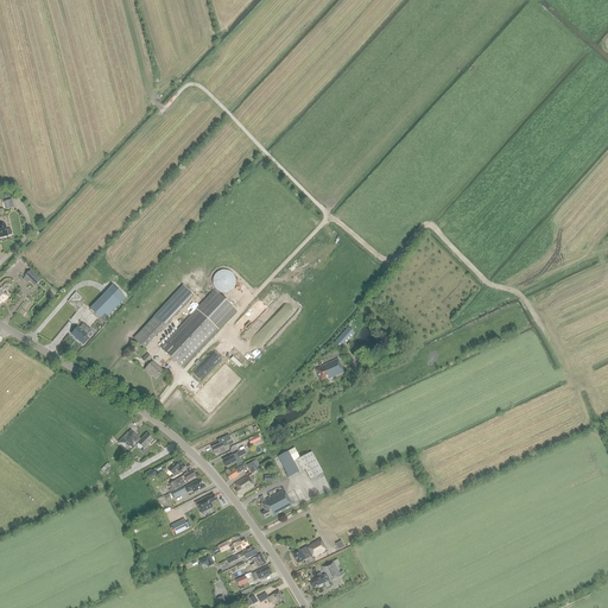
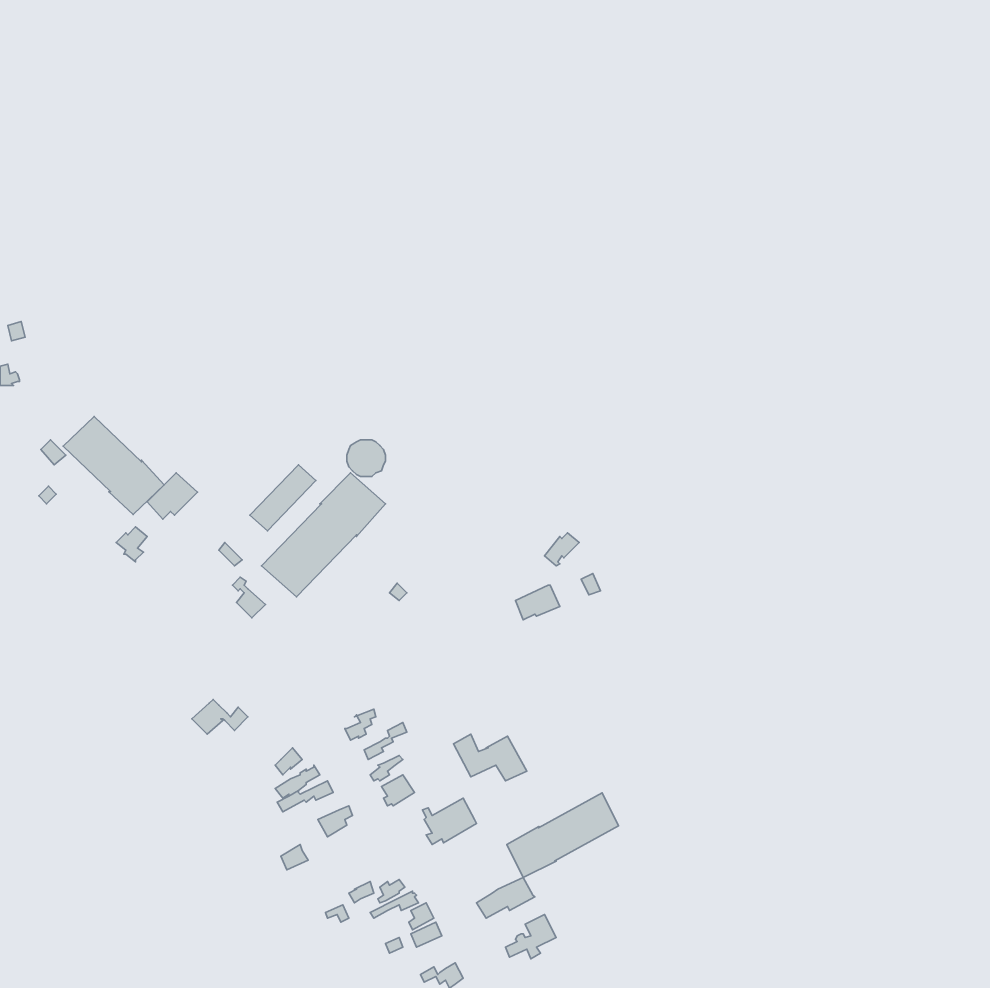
building: none -> [63,416,164,514]
building: none -> [507,793,618,878]

